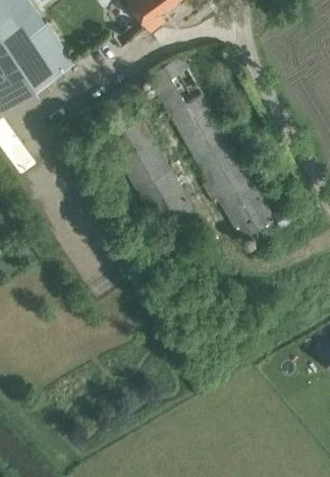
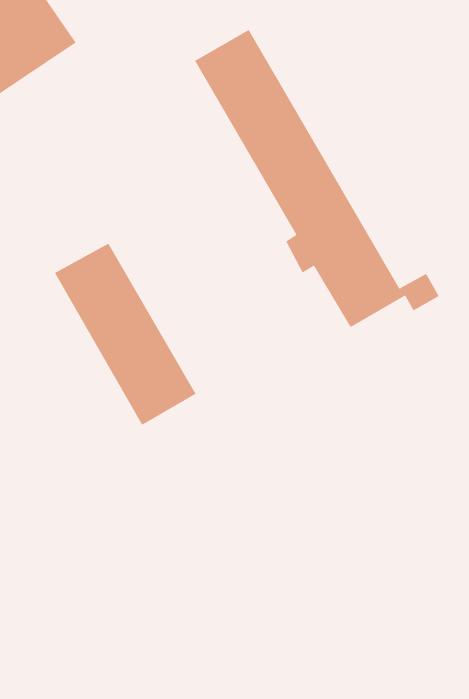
building: [105,117,192,229] -> [54,243,197,425]

